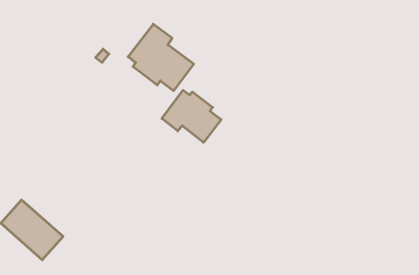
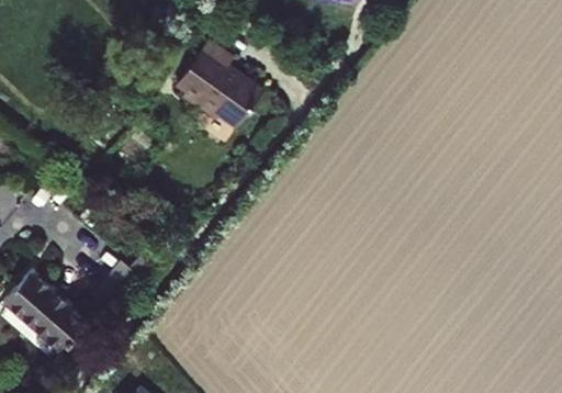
building: [162,90,221,142] -> none

